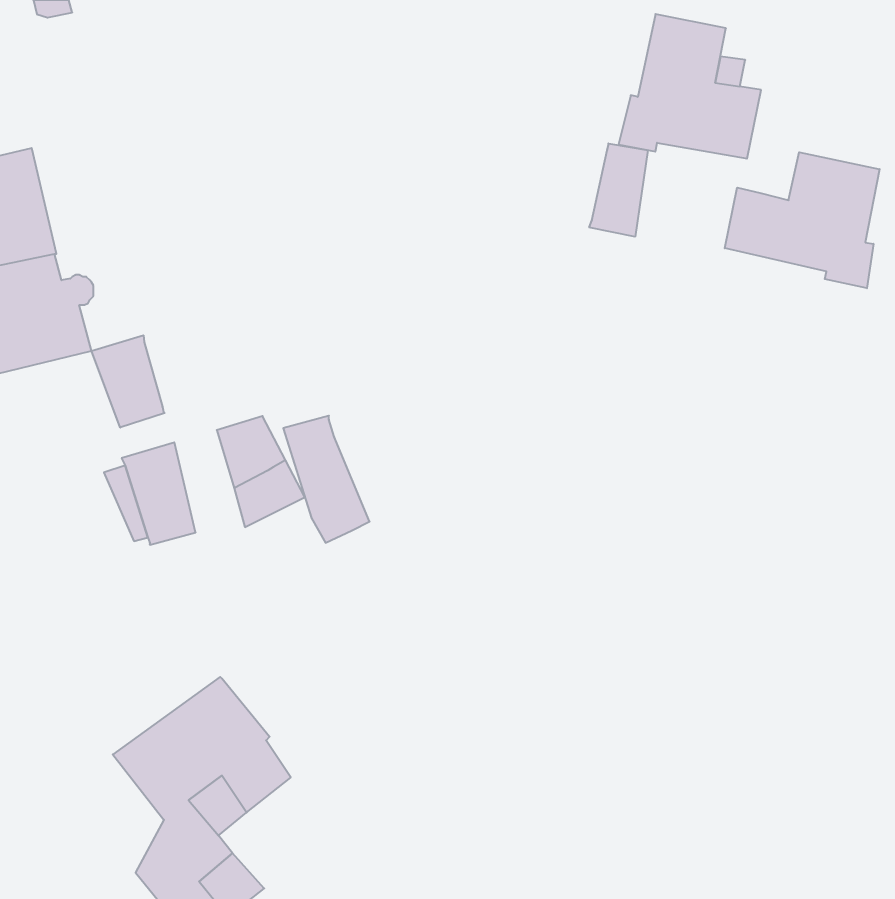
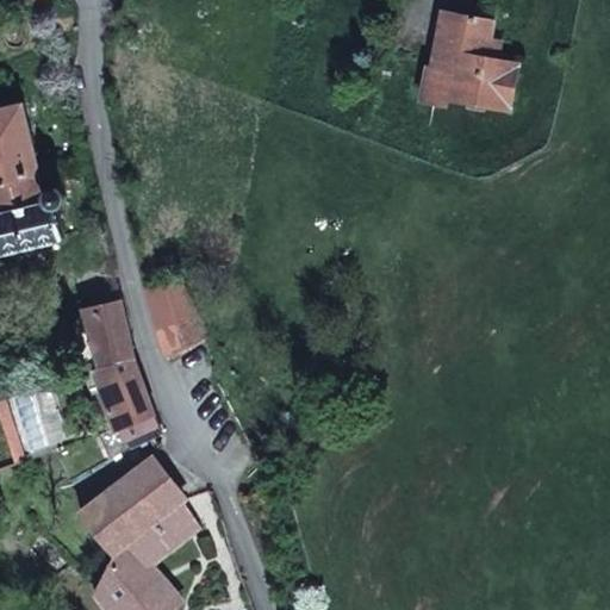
building: [589,143,648,237] -> none
building: [725,152,880,288] -> none
building: [92,335,165,428] -> none
building: [283,416,370,543] -> [101,361,160,447]

